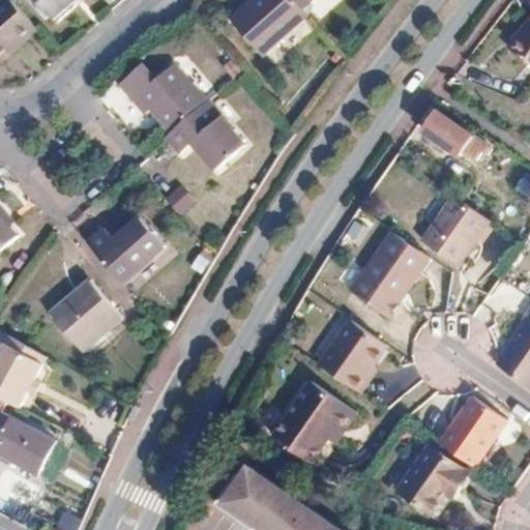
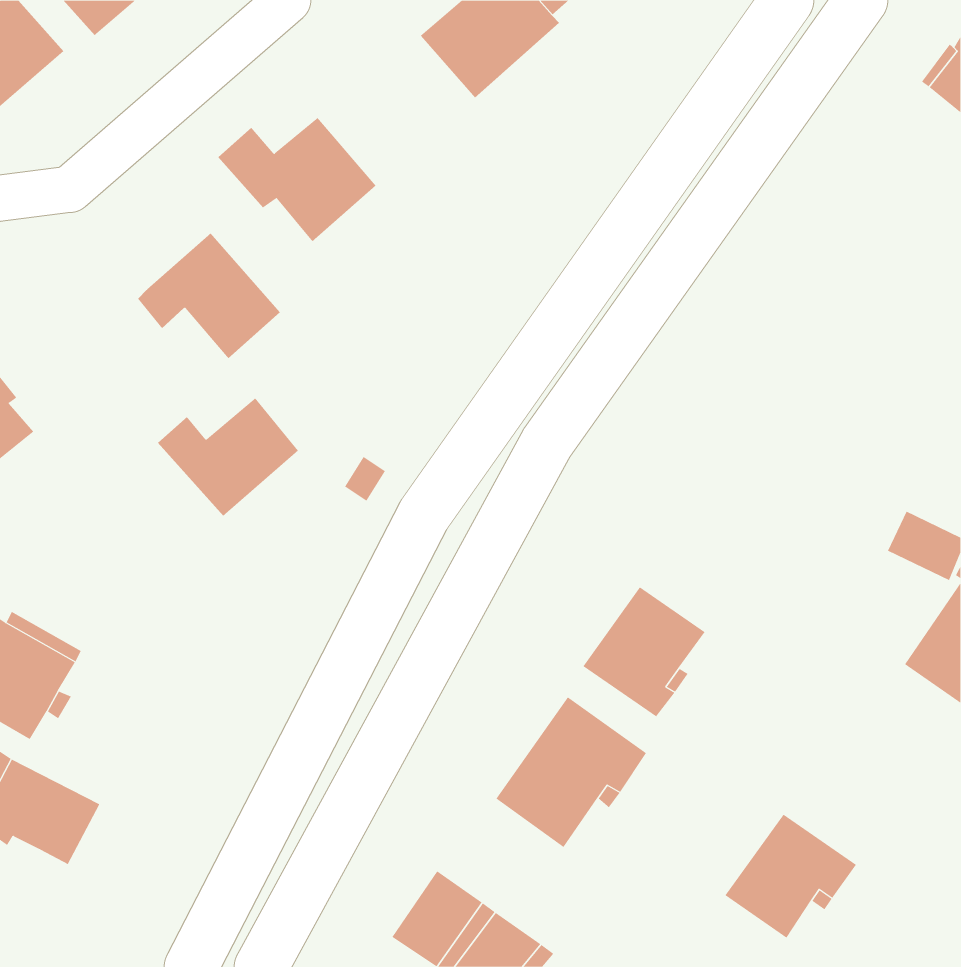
building: [166,101,244,171] -> [137,233,281,359]
building: [421,109,490,159] -> none
building: [421,196,489,265] -> none
building: [350,231,430,317] -> none
building: [49,278,121,351] -> none
building: [439,396,505,467] -> none

